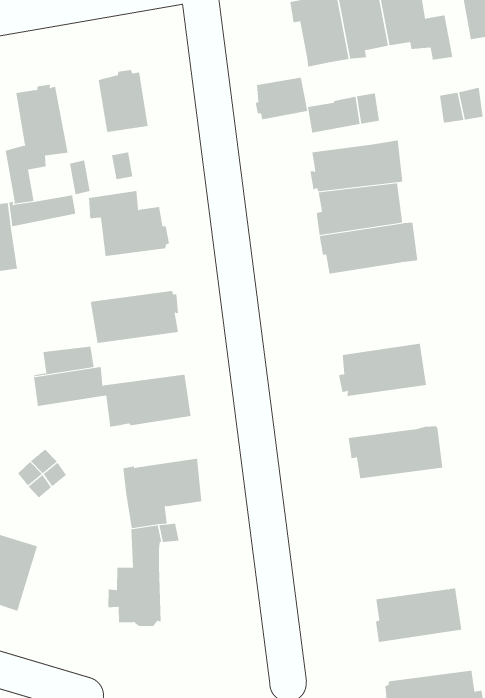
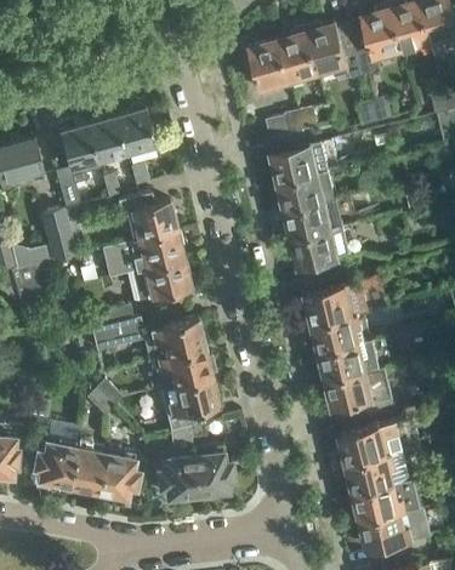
building: none -> [86,115,125,163]
building: [255,77,308,120] -> none
building: none -> [101,232,182,279]
building: none -> [289,226,348,267]
building: none -> [312,312,369,353]
building: none -> [152,348,214,389]
building: none -> [323,367,393,409]
building: none -> [95,450,137,502]
building: none -> [340,423,402,464]
building: none -> [192,452,232,497]
building: none -> [351,480,420,521]

